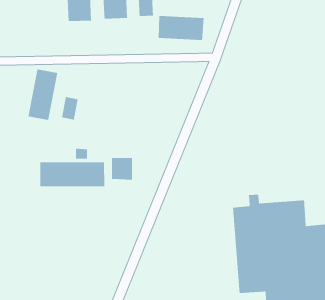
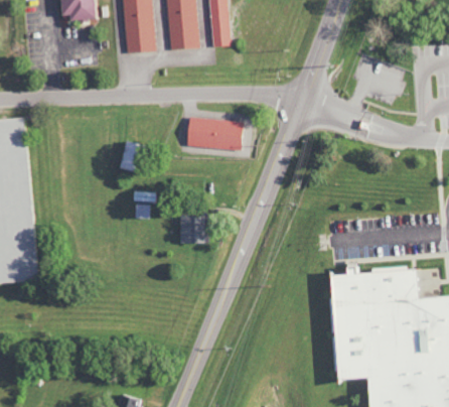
building: [158,15,204,41] -> [187,118,244,149]
building: [28,68,58,121] -> none
building: [39,161,105,187] -> none

